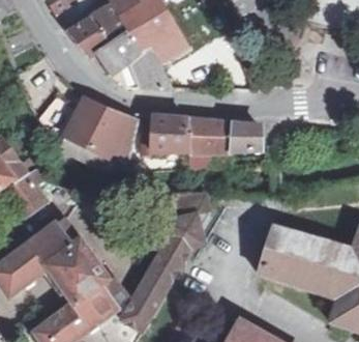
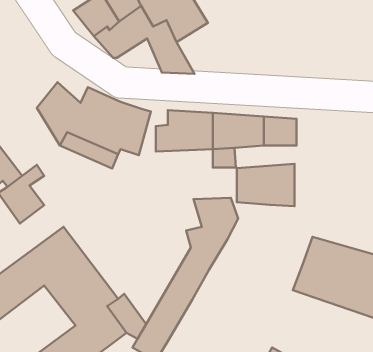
building: none -> [237,164,294,206]

